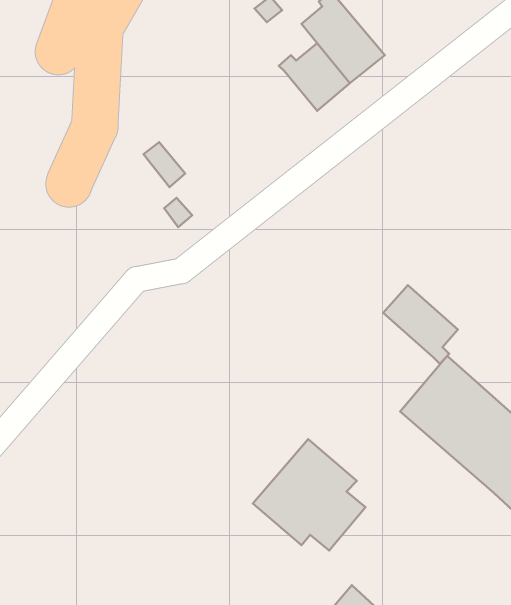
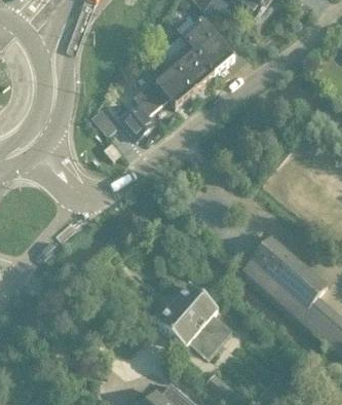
building: none -> [119,67,193,140]
building: [383,285,458,364] -> none

